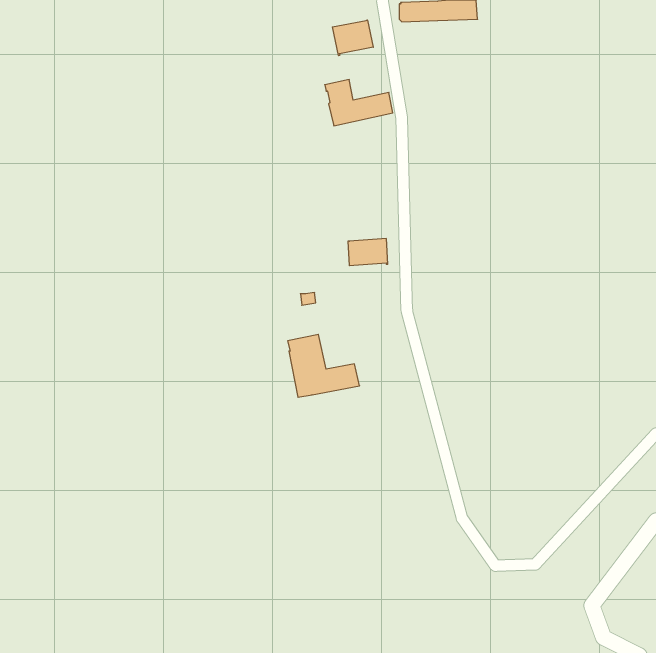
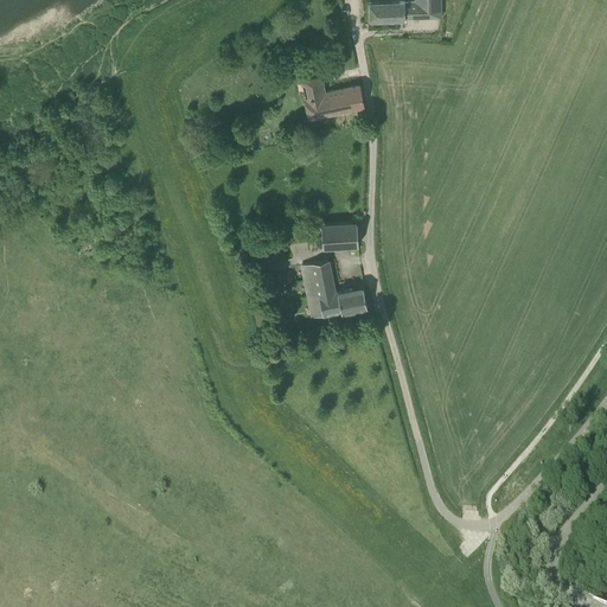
building: [332,20,373,56] -> none
building: [288,334,360,397] -> [301,261,368,319]

